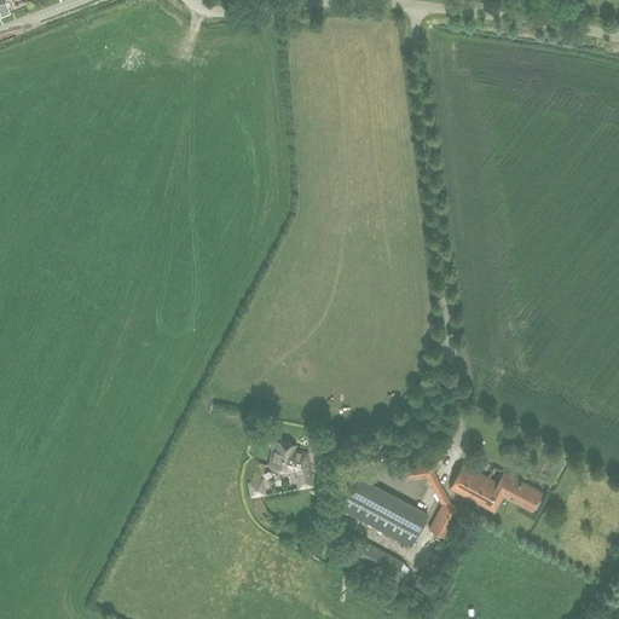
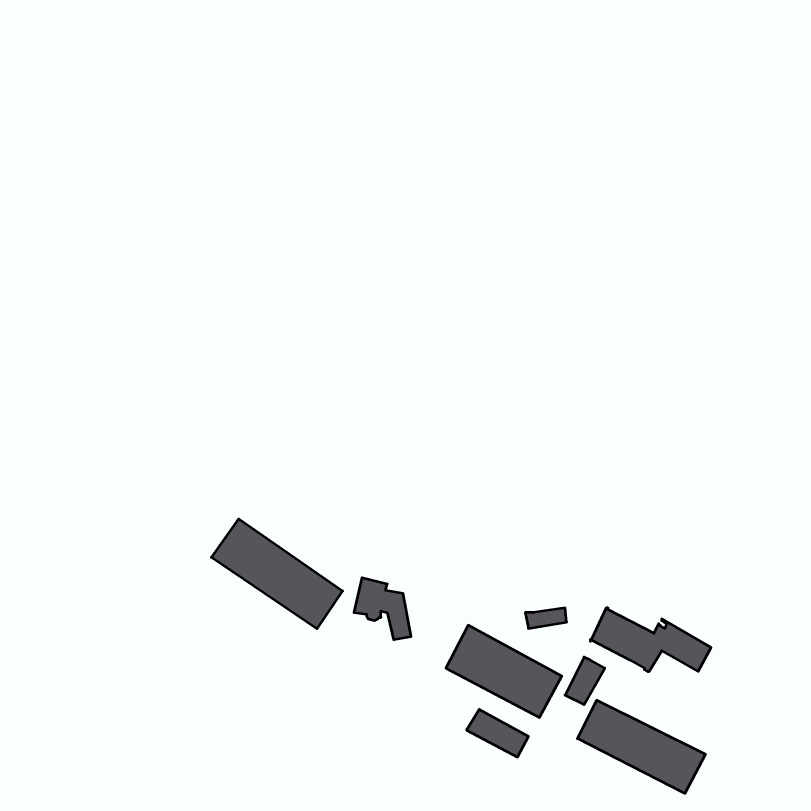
building: none -> [211,519,343,629]
building: none -> [577,700,705,793]

